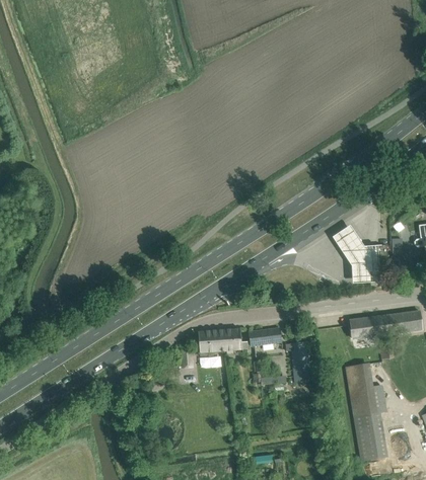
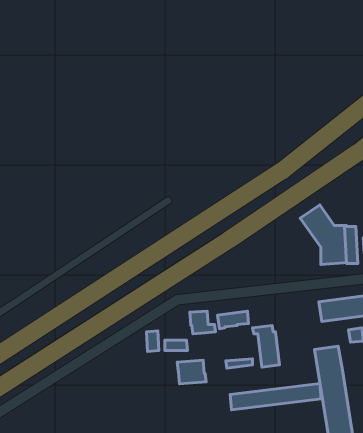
building: [198,329,226,352] -> [177,360,206,384]
building: none -> [230,383,321,410]

